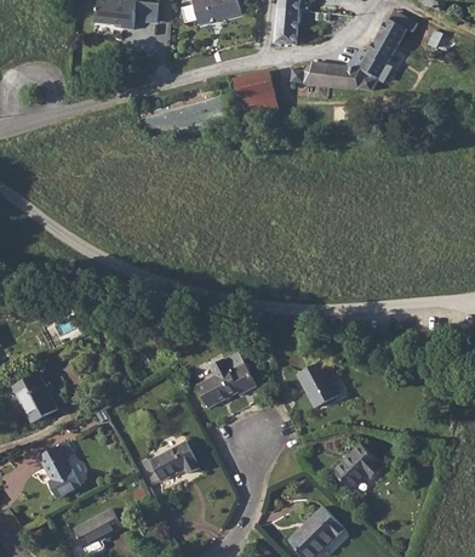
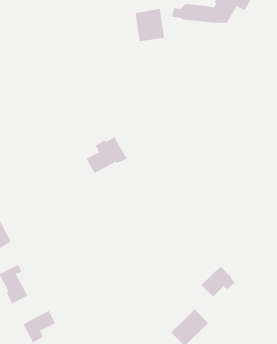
building: [196,352,257,407] -> [86,137,127,174]
building: [297,359,339,407] -> none
building: [151,441,199,481] -> none

